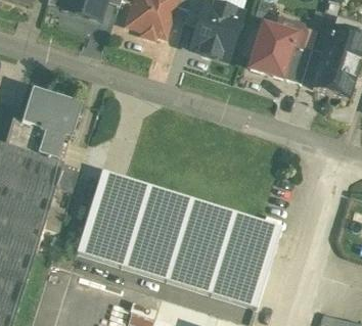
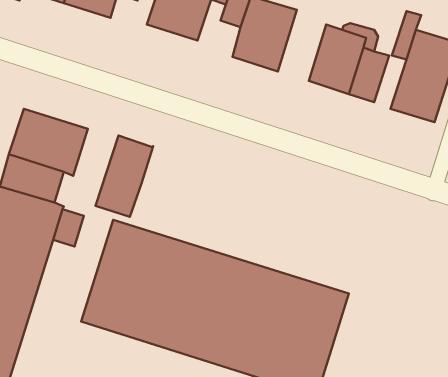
building: none -> [96,135,153,217]

